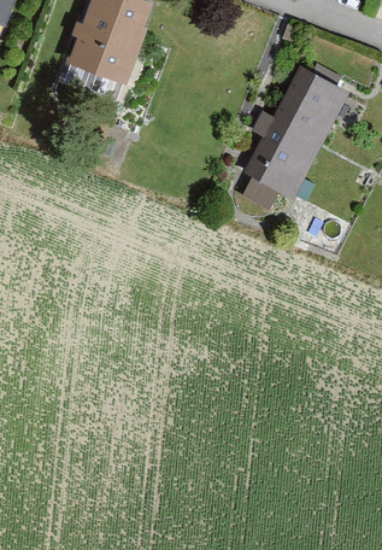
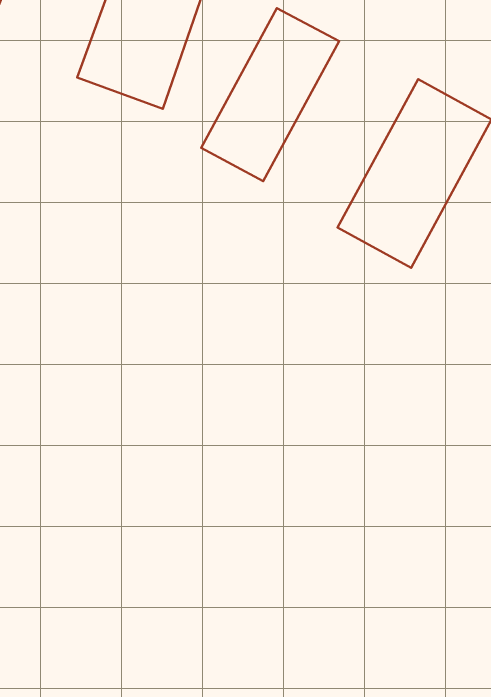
building: none -> [201,8,339,181]

